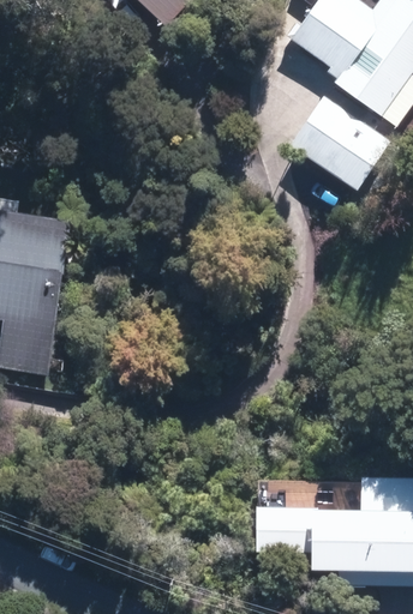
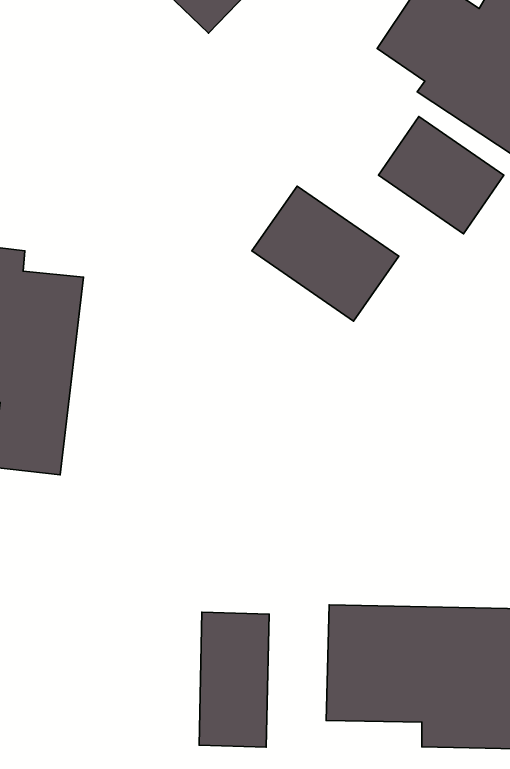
building: none -> [252,186,399,321]
building: none -> [199,612,269,747]

